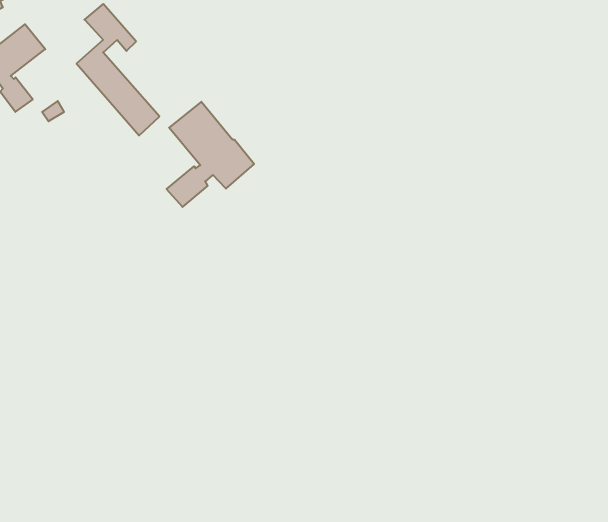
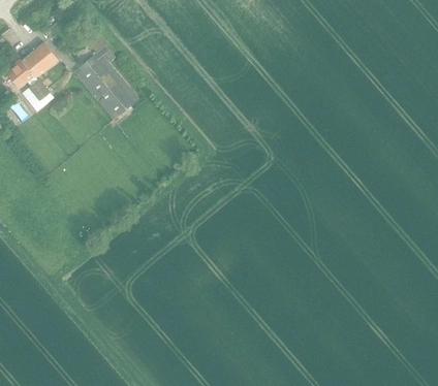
building: [167,102,254,207] -> none

